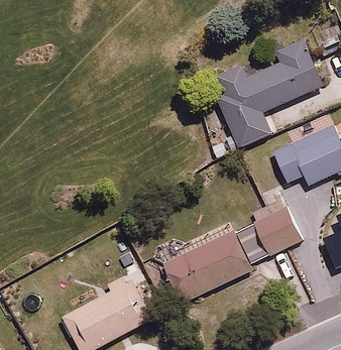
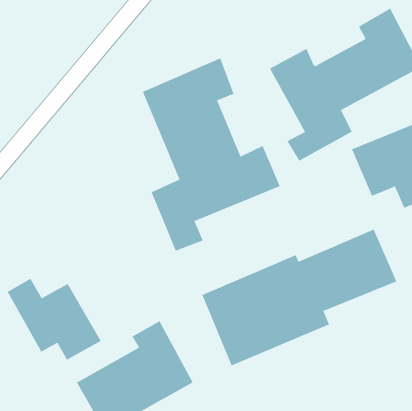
building: none -> [142,57,281,251]
building: none -> [7,278,102,360]

